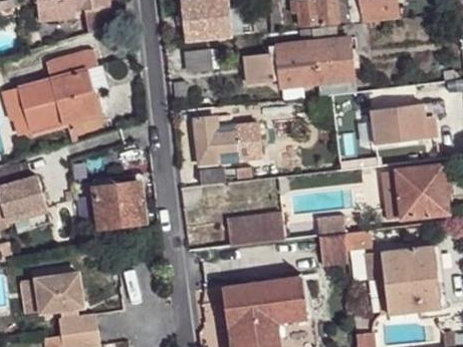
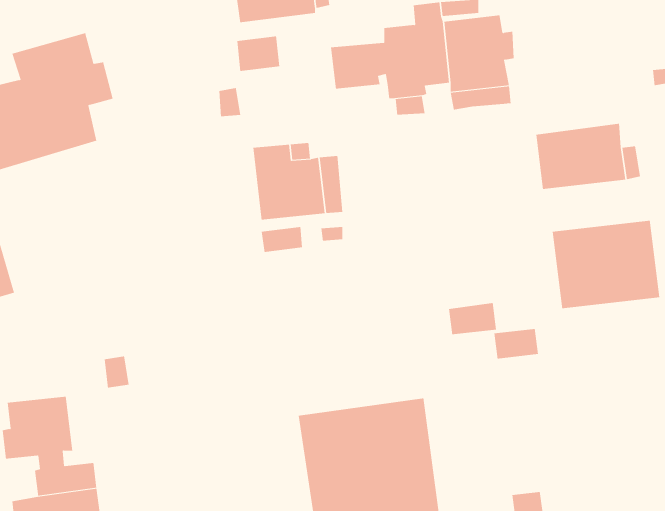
building: [92,182,146,229] -> none
building: [227,212,285,245] -> none
building: [318,234,348,266] -> none
building: [381,244,440,313] -> none

